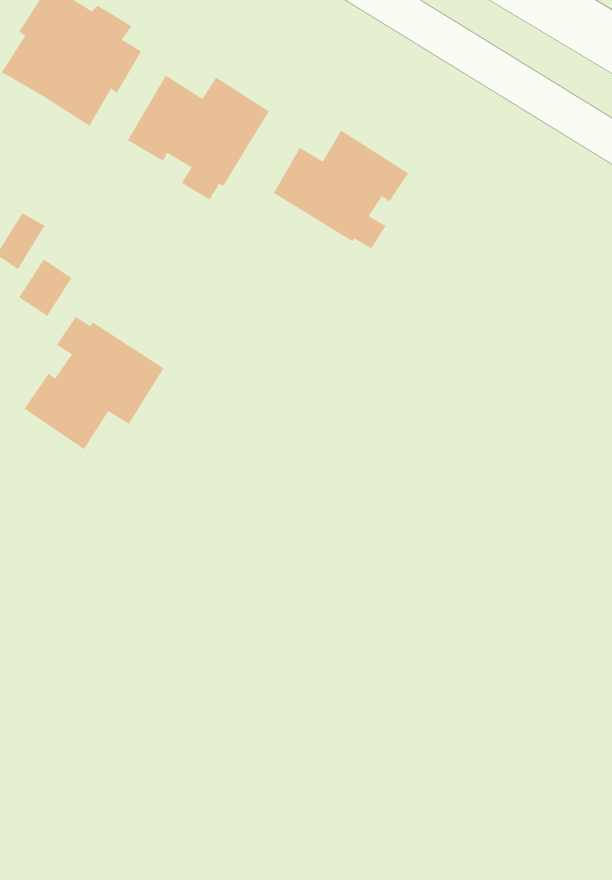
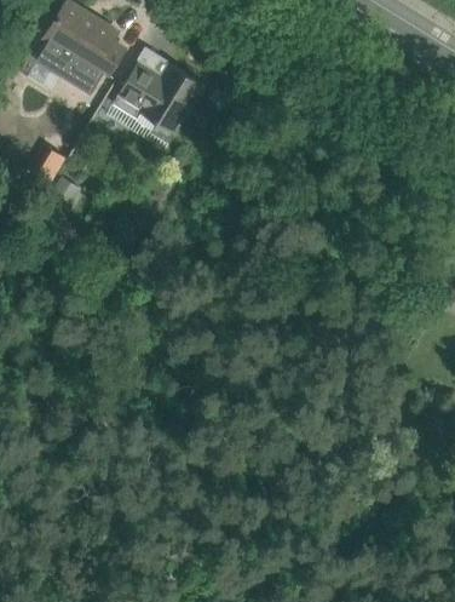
building: [273,130,409,249] -> none
building: [24,316,164,450] -> none

